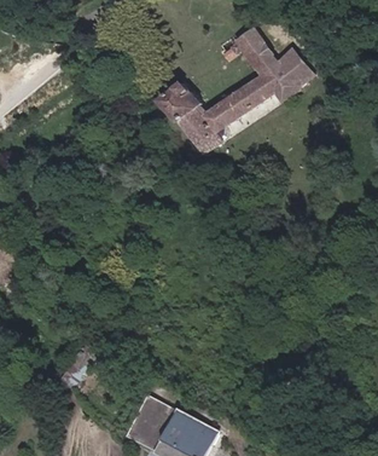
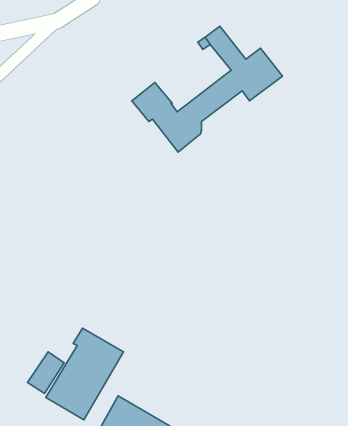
building: none -> [46,328,123,420]

